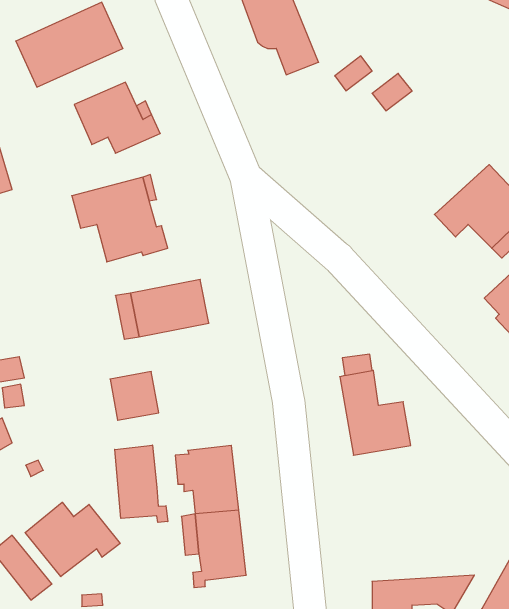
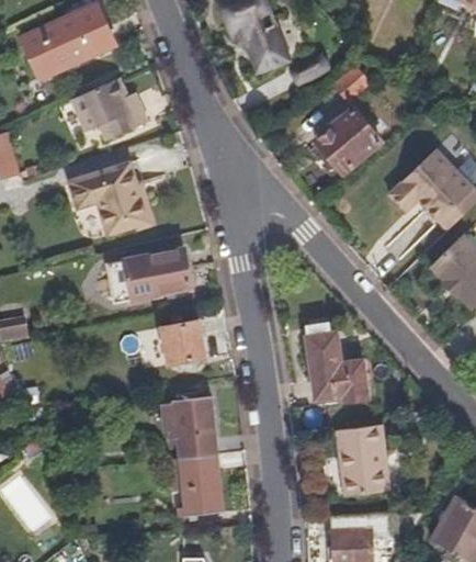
building: none -> [315,108,379,172]
building: [110,372,159,420] -> [160,319,203,362]
building: [115,445,168,522] -> none
building: none -> [338,424,388,495]
building: [25,502,120,577] -> none

